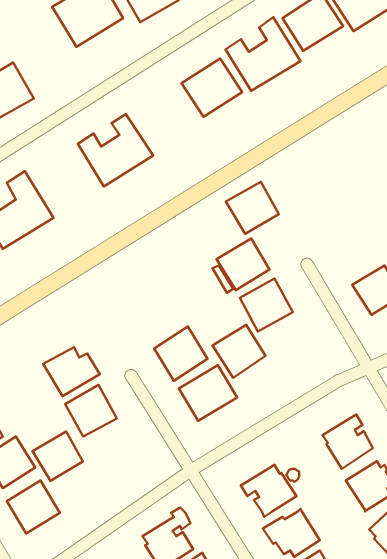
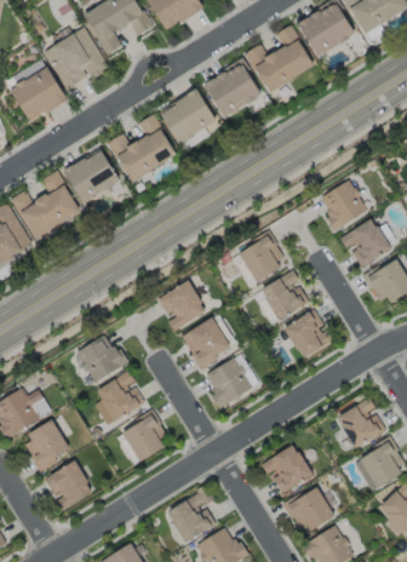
building: none -> [44,30,105,92]
building: none -> [161,91,218,145]
building: none -> [64,150,121,205]
building: [226,182,279,234] -> [315,179,365,228]
building: none -> [342,218,391,266]
building: none -> [154,280,205,329]
building: [212,325,265,378] -> [282,309,332,359]
building: [32,432,83,481] -> [121,414,168,460]

